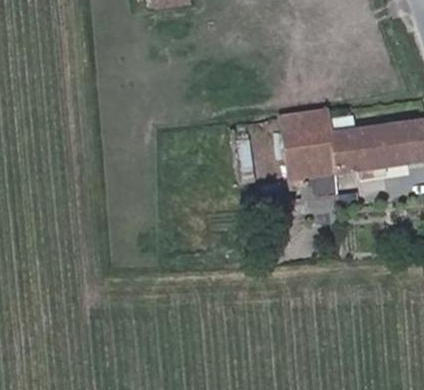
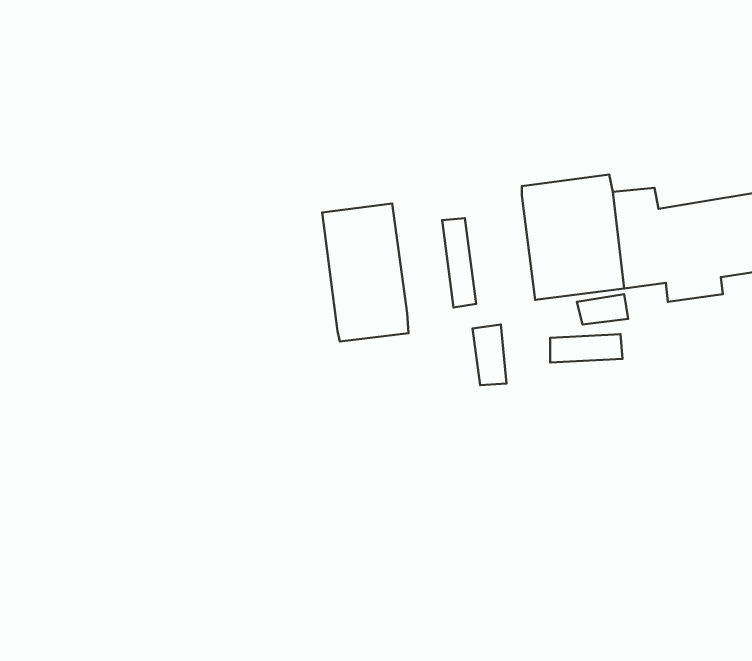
building: none -> [322,204,409,342]

